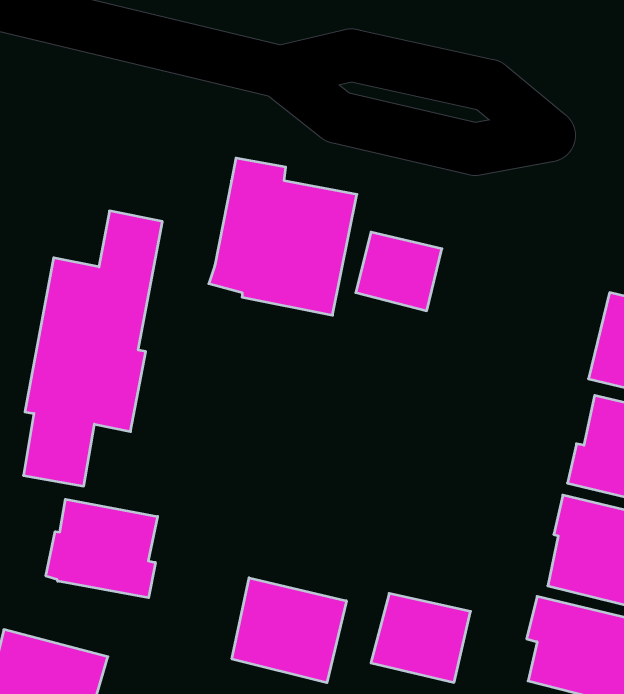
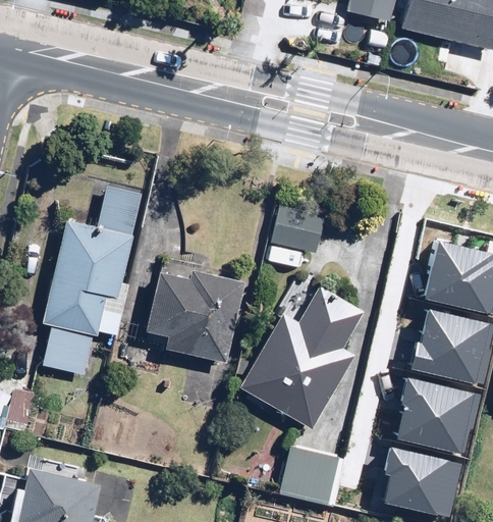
building: [209,158,357,315] -> [144,256,243,362]
building: none -> [240,272,364,426]
building: [46,499,158,598] -> none
building: [232,578,346,683] -> none

